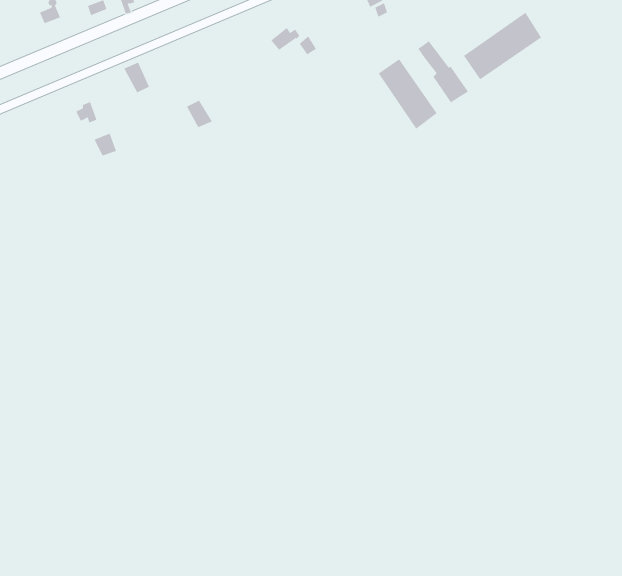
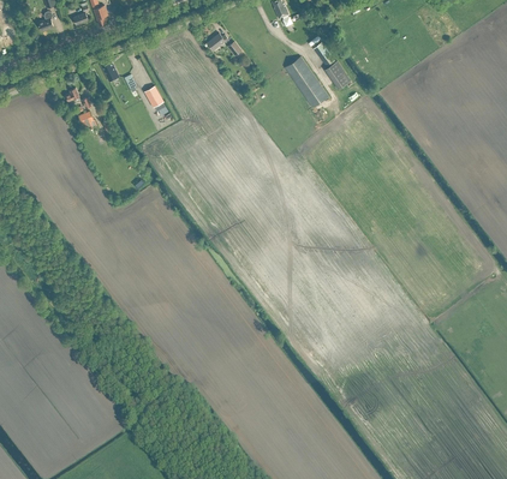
building: [463,12,542,80] -> none

